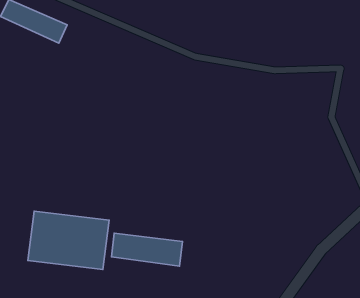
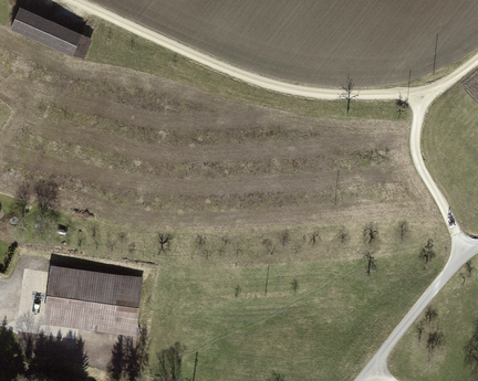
building: [112,233,182,266] -> none

